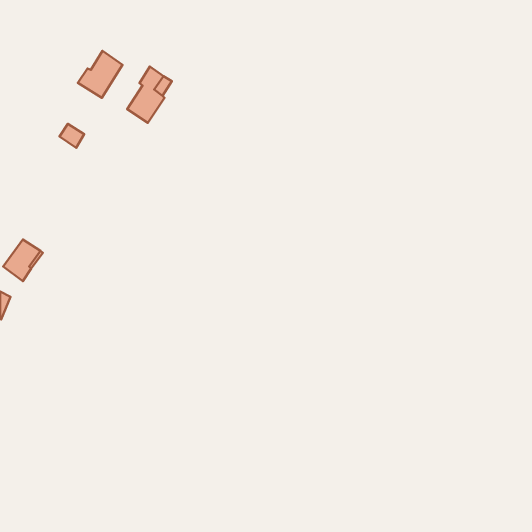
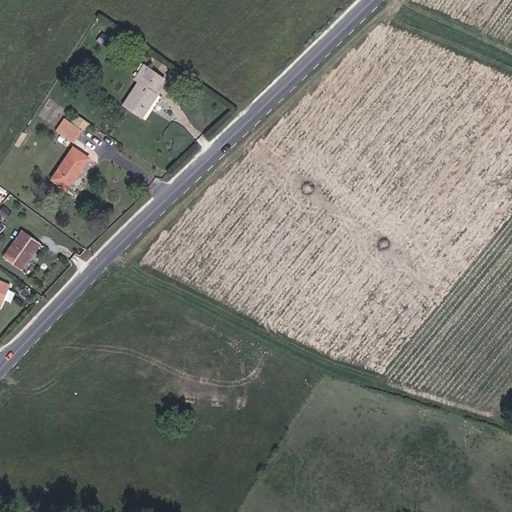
building: [78,51,123,98] -> none
building: none -> [51,147,89,190]

